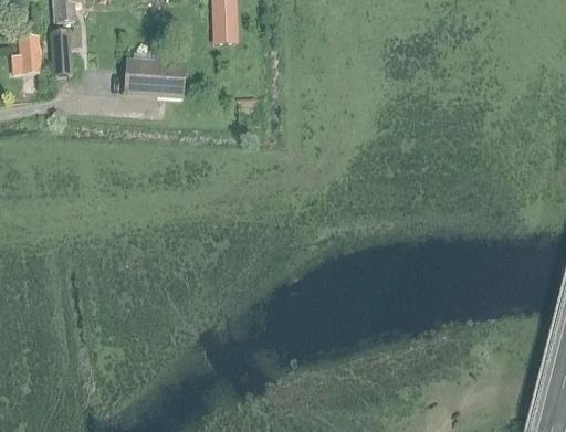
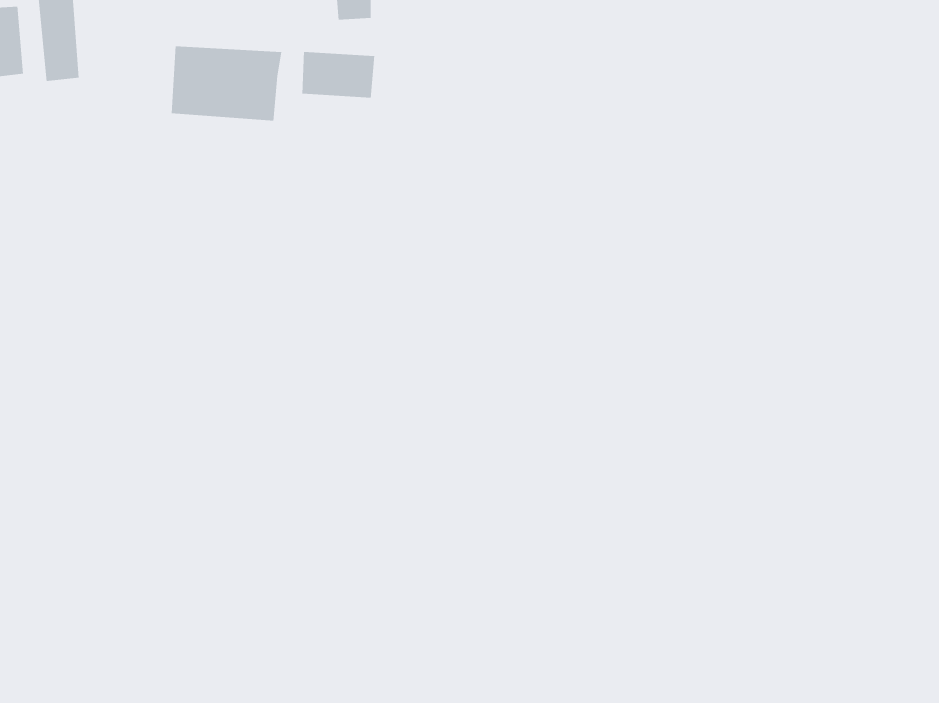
building: none -> [302,51,375,99]

